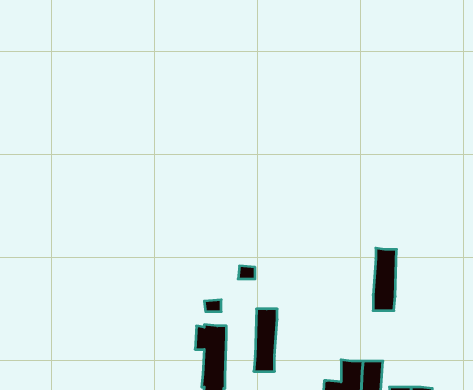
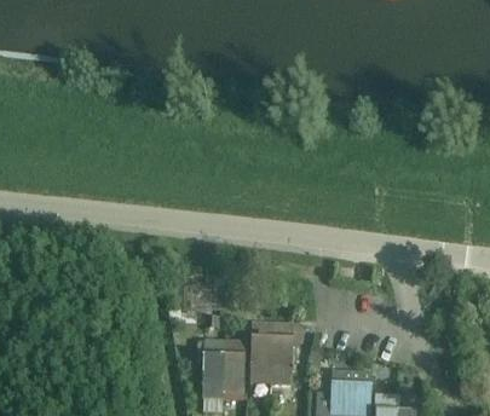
building: [373,248,397,311] -> [270,330,292,388]
building: none -> [224,346,244,395]

